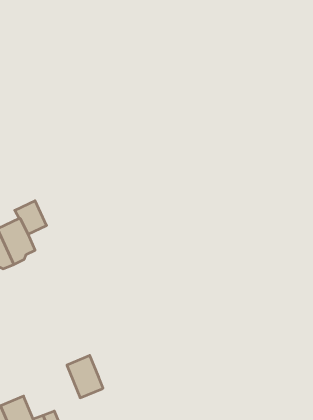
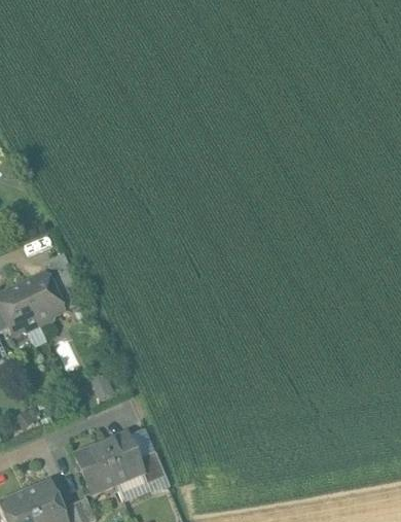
building: none -> [73,445,115,494]
building: none -> [137,451,165,484]

